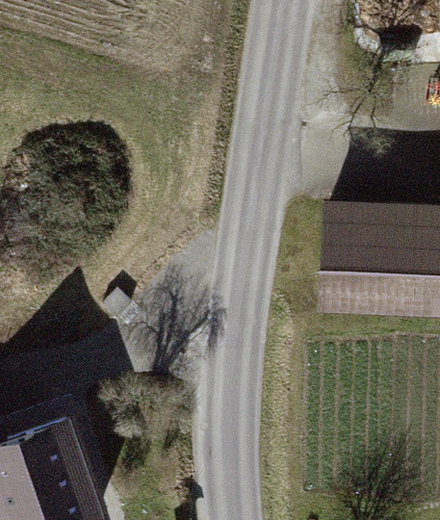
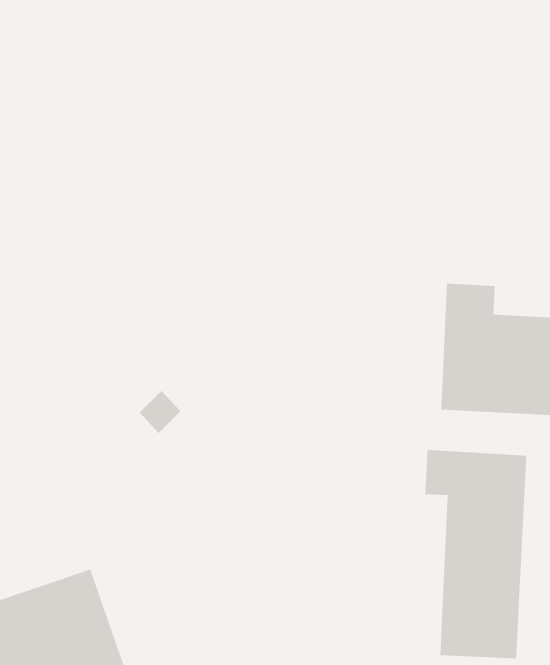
building: none -> [425,449,527,659]

